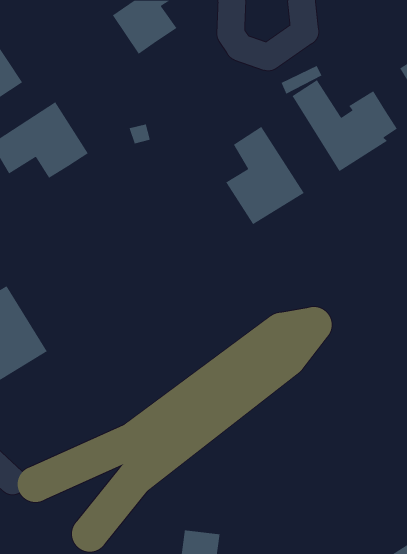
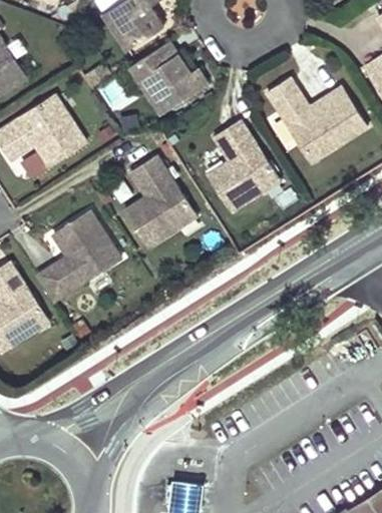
building: none -> [131,42,210,113]
building: none -> [123,153,194,244]
building: none -> [36,210,121,301]

